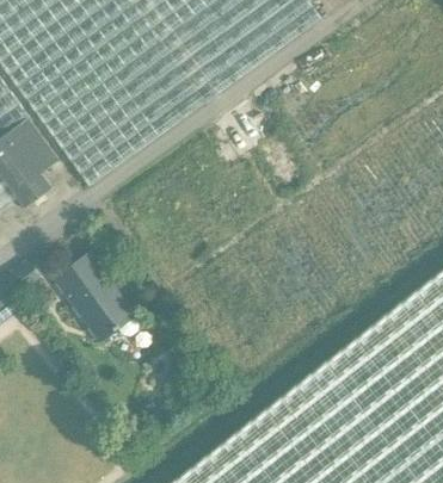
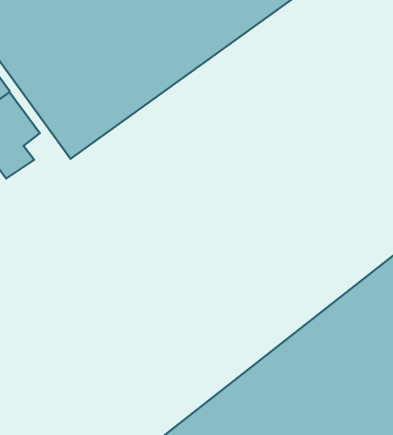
building: [55,254,137,341] -> none

